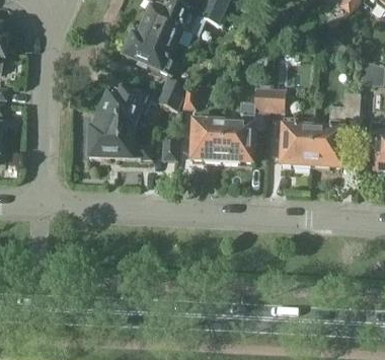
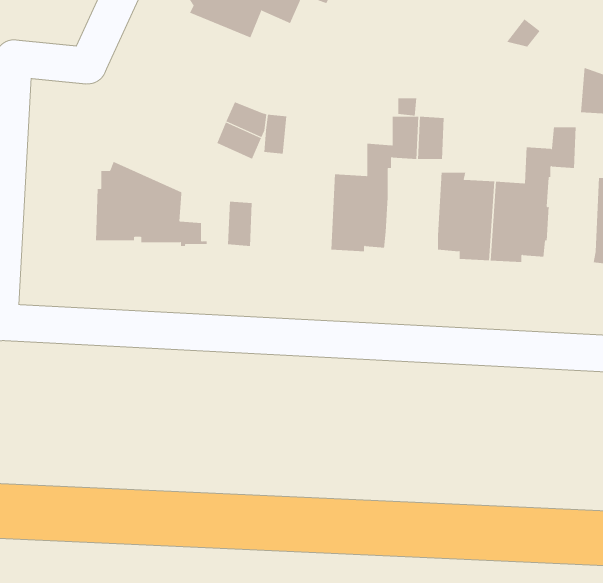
building: [123,26,175,75] -> none
building: [98,85,150,130] -> none
building: [190,114,222,162] -> none

